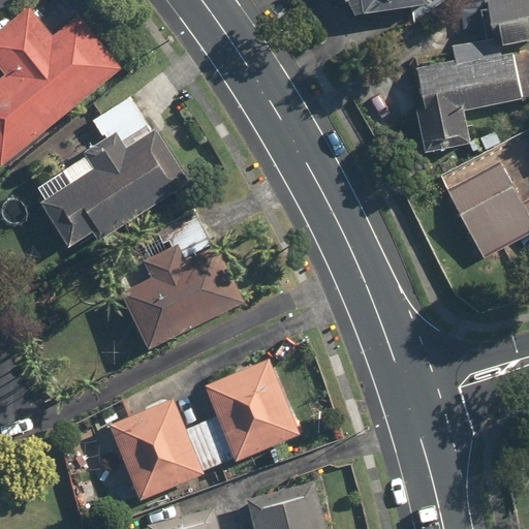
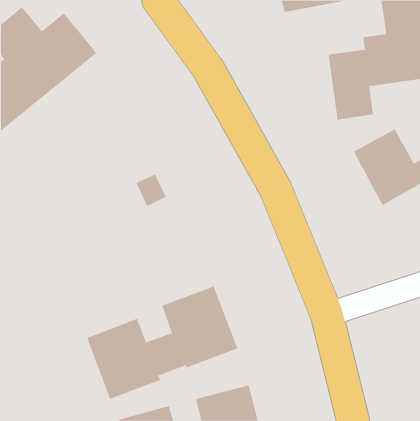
building: [37,97,188,246] -> none
building: [122,247,244,345] -> none

